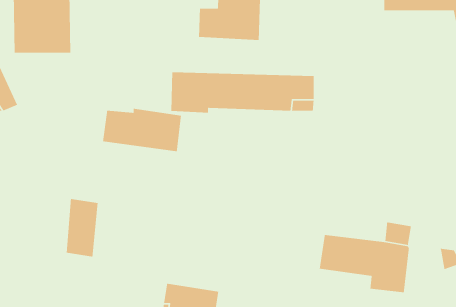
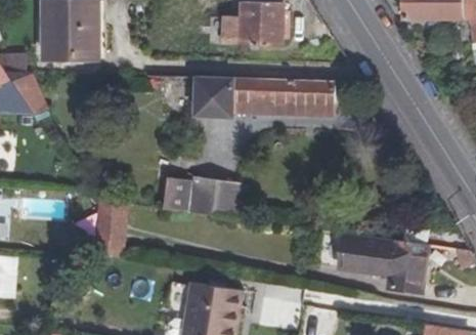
building: [102,108,182,152] -> [162,176,239,219]

